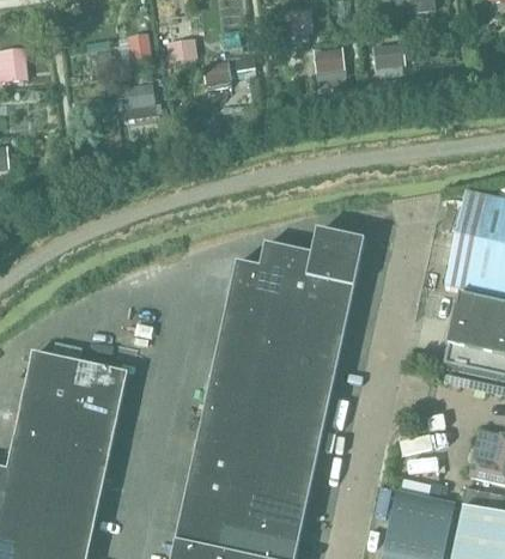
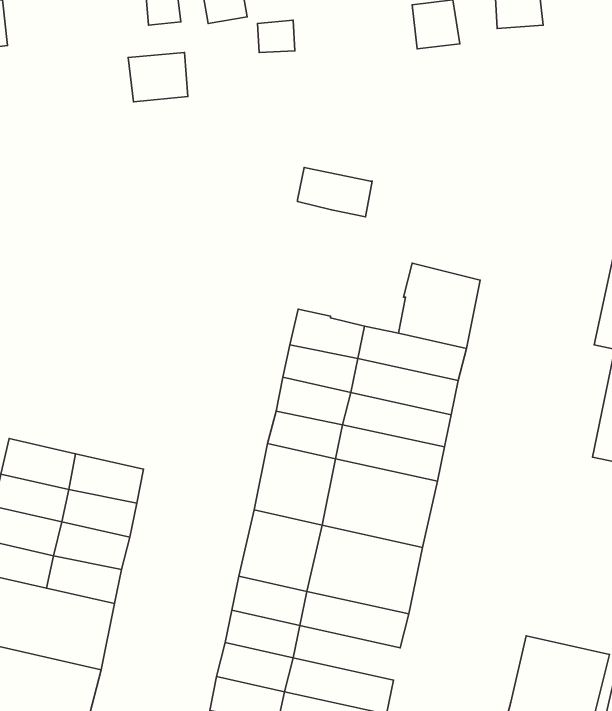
building: [257,247,310,281] -> [297,167,372,217]
building: [231,487,306,525] -> none

